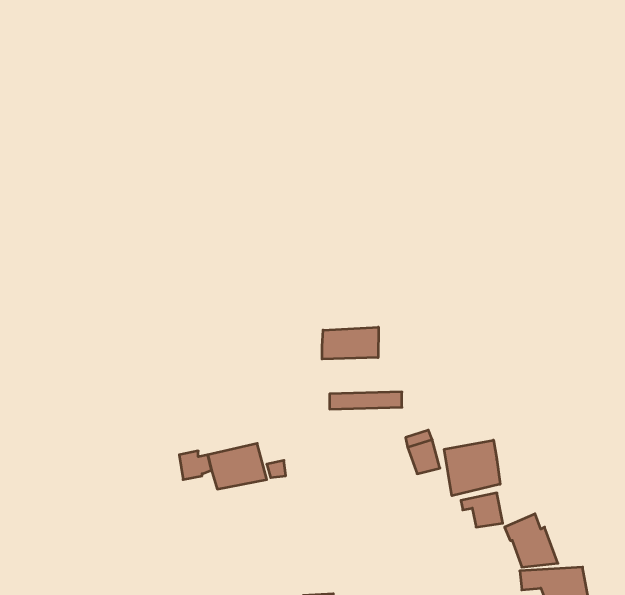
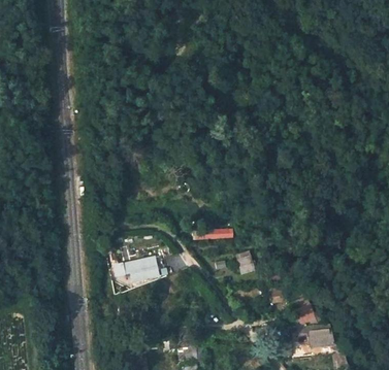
building: [322,327,378,359] -> none
building: [444,440,500,496] -> none

